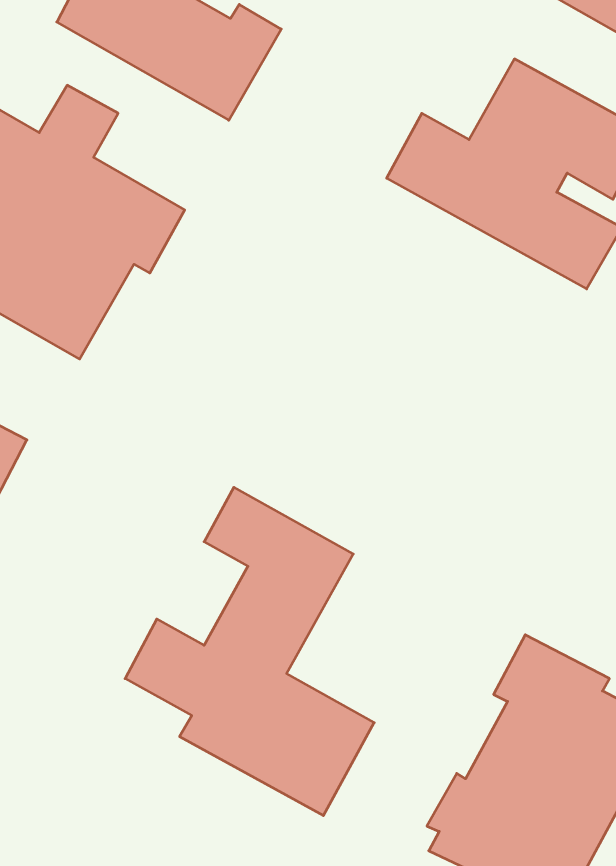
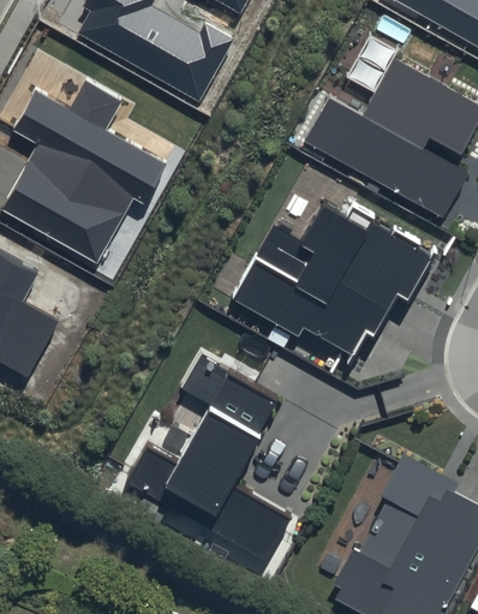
building: none -> [228,202,431,353]

